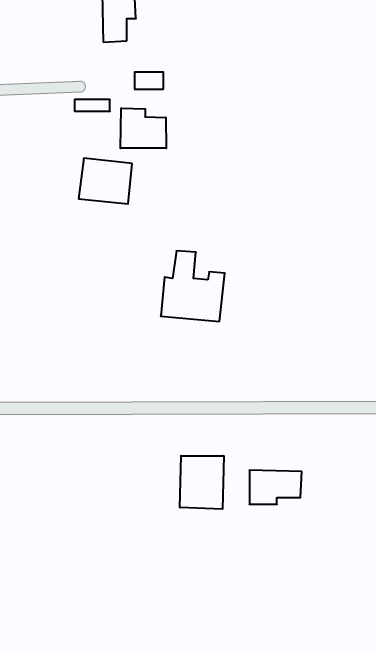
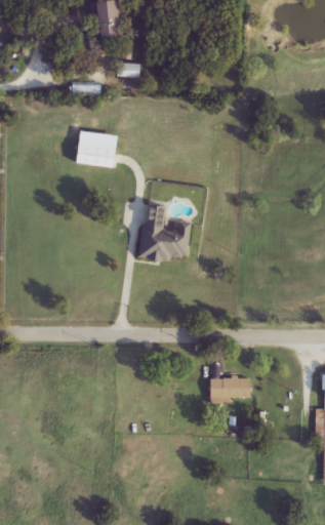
building: [120,108,166,148] -> none
building: [180,456,224,509] -> none

